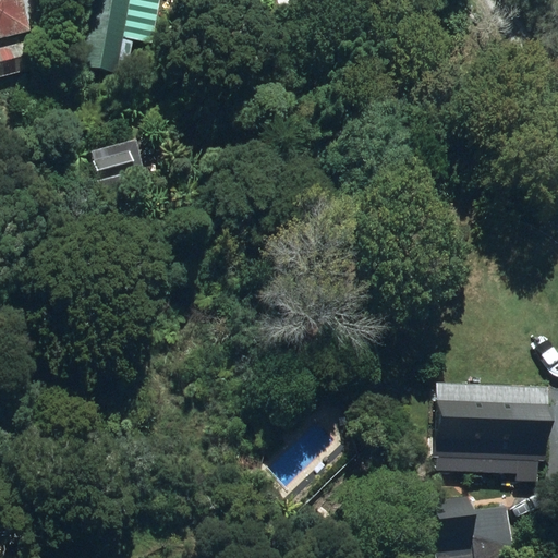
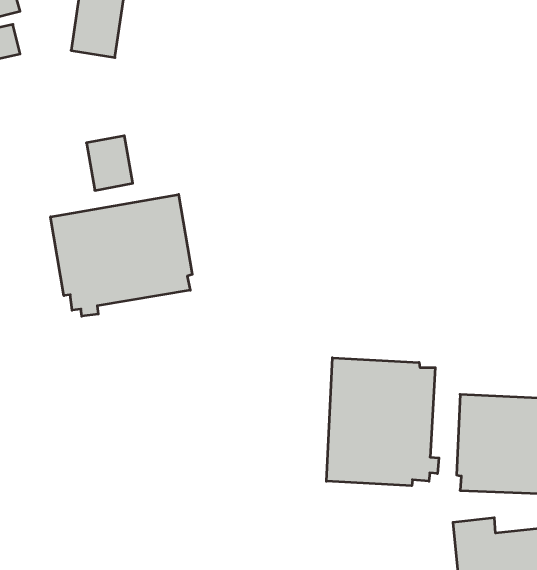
building: none -> [51,194,192,316]
building: none -> [326,358,439,486]

